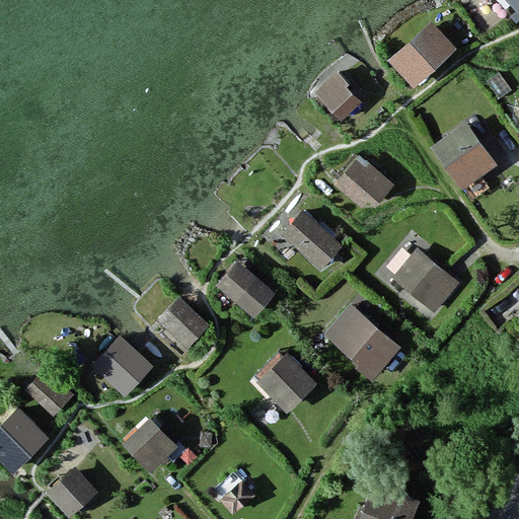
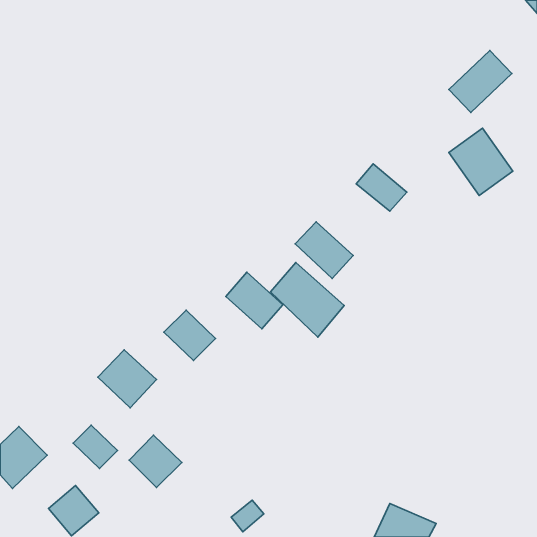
building: [392,24,453,84] -> [449,50,512,113]
building: [317,77,359,119] -> none
building: [394,250,456,310] -> none
building: [327,306,398,378] -> [271,262,344,337]
building: [257,356,315,414] -> none
building: [27,371,70,413] -> [73,425,117,468]

